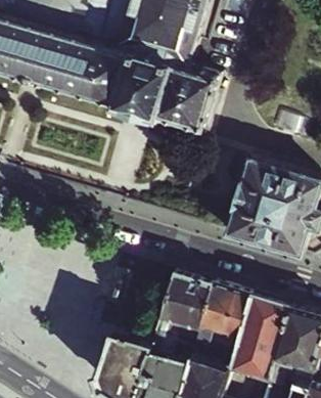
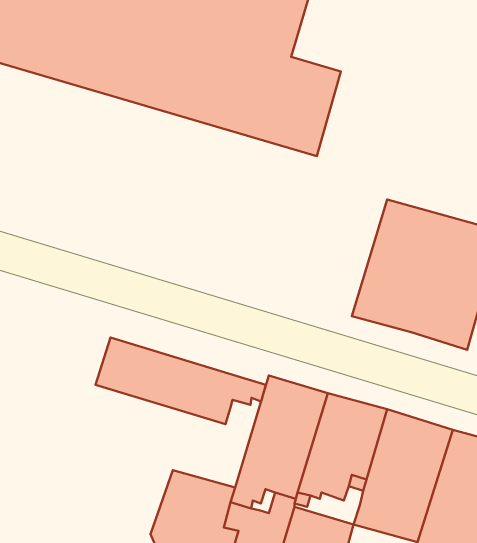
building: none -> [96,337,266,424]

